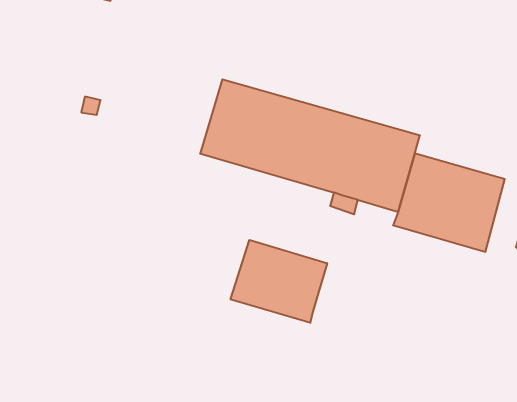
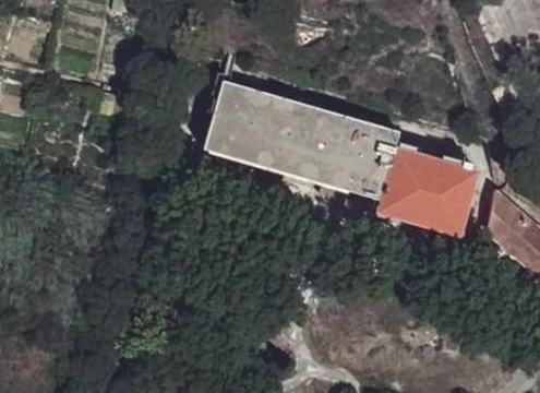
building: [231,240,327,323] -> none

